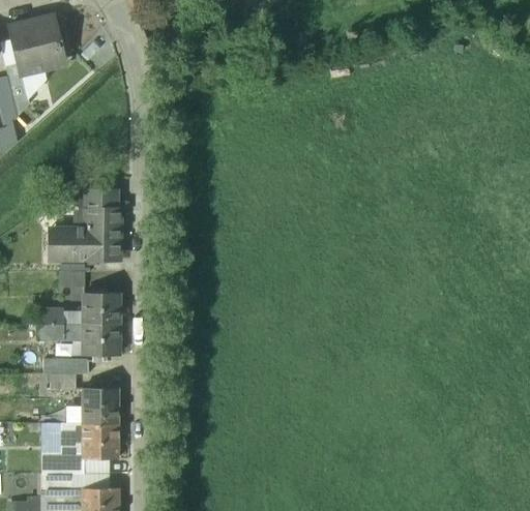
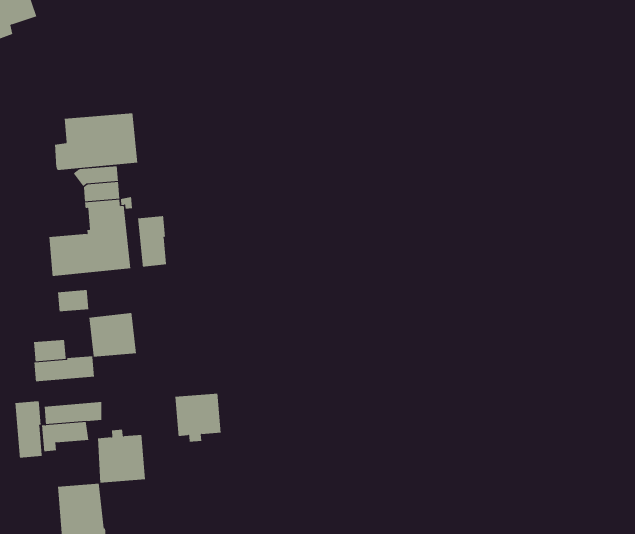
building: none -> [54,113,138,171]
building: none -> [138,215,167,267]
building: [84,325,118,361] -> [175,393,221,442]
building: none -> [15,400,42,458]
building: [81,423,117,458] -> none

